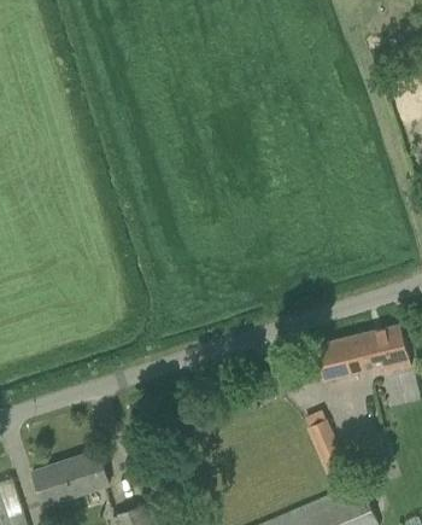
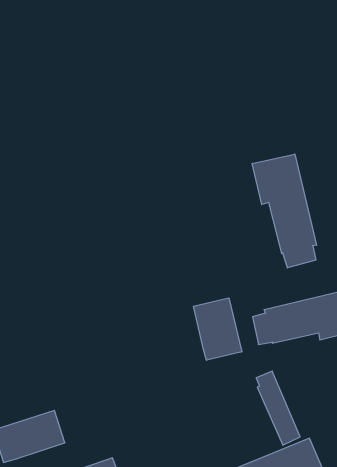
building: none -> [252,154,317,268]
building: none -> [194,298,242,360]

